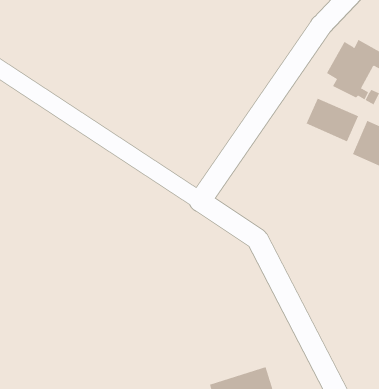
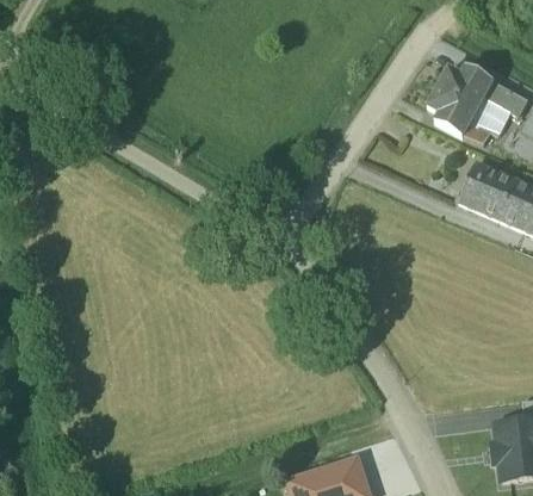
building: [306,98,359,142] -> none

